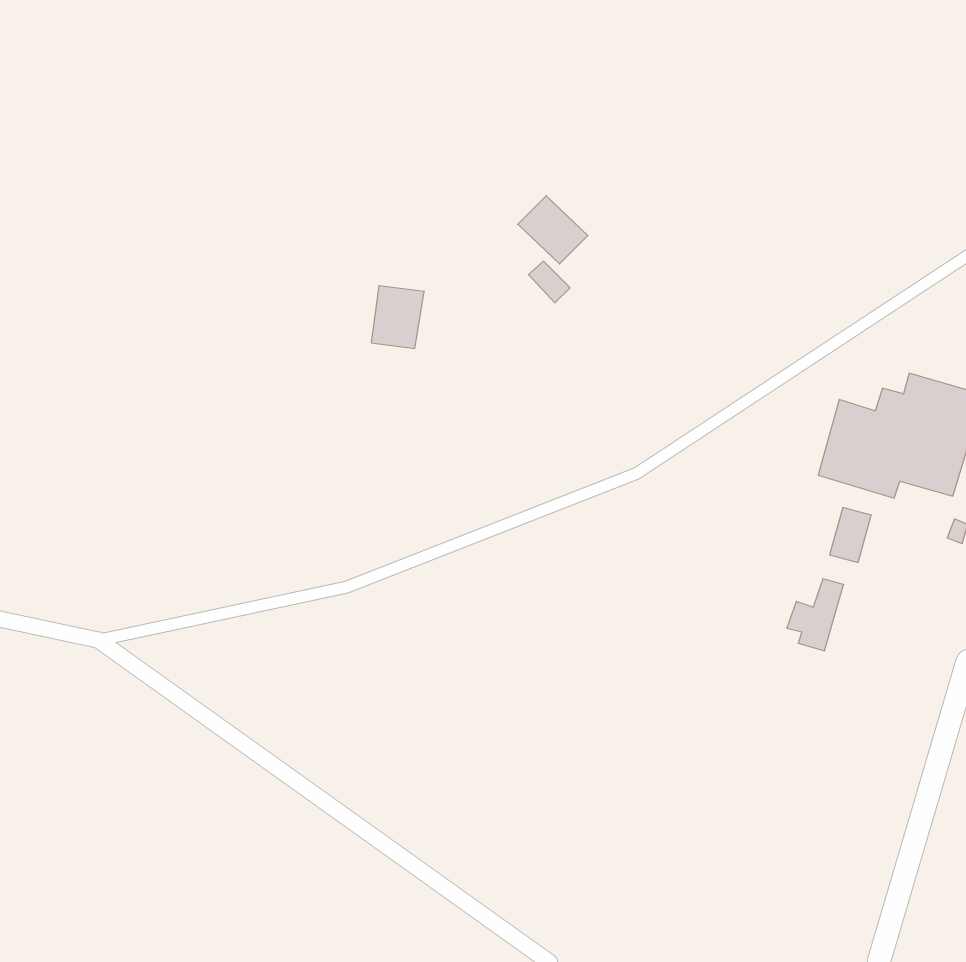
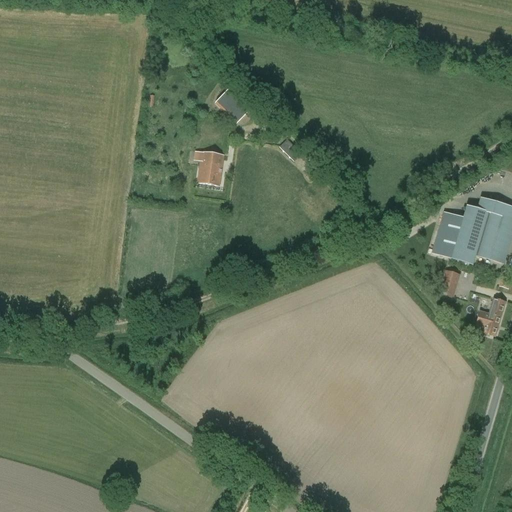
building: [518,196,588,264] -> [215,87,252,123]
building: [787,579,844,651] -> [476,297,506,335]

